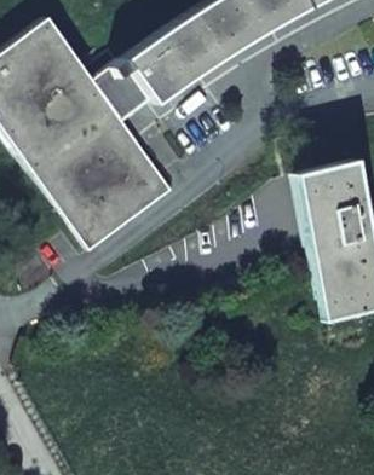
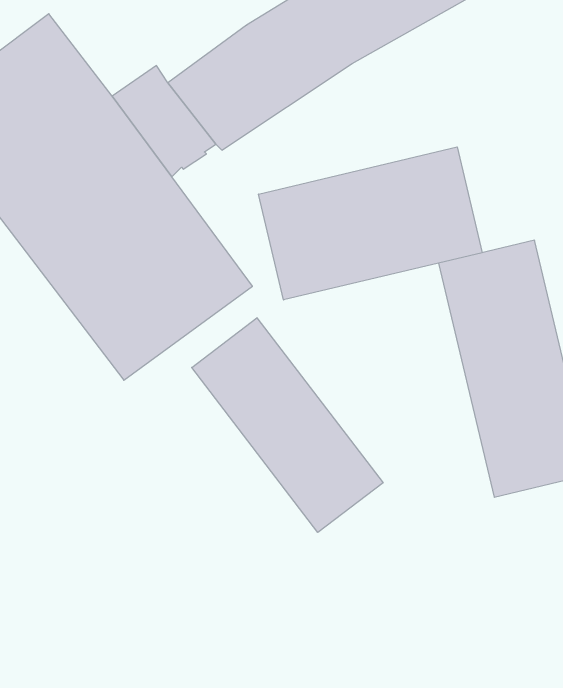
building: none -> [259,147,482,300]
building: none -> [192,318,383,532]

